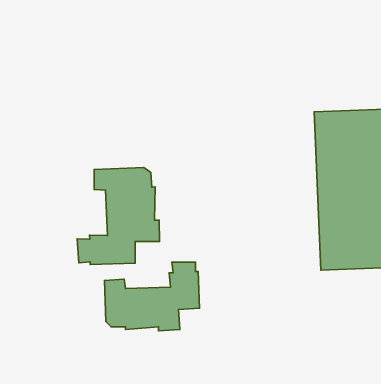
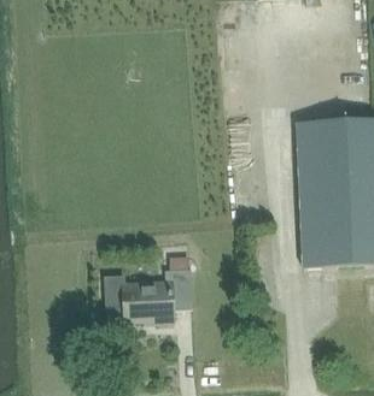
building: [77,168,159,265] -> none

